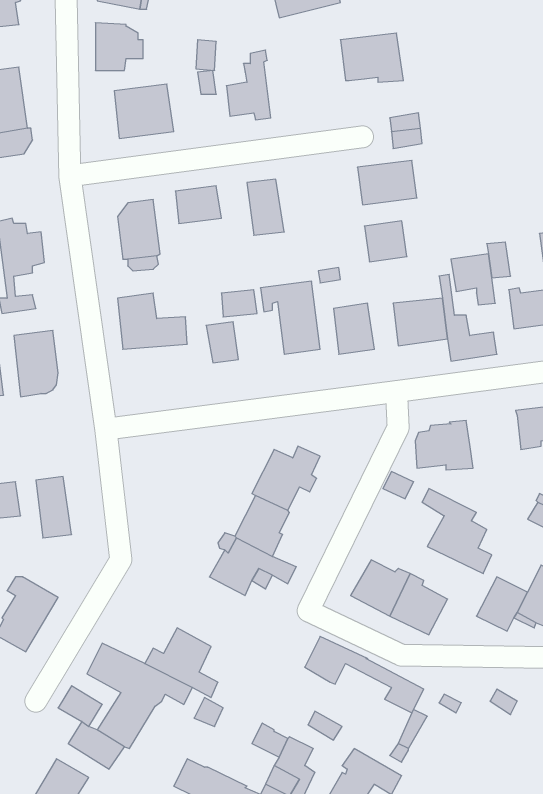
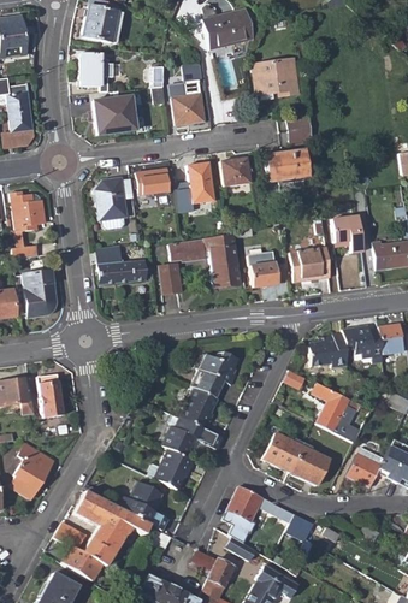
building: [364,221,407,262] -> [220,156,250,185]
building: none -> [342,325,383,362]
building: none -> [146,448,195,489]

